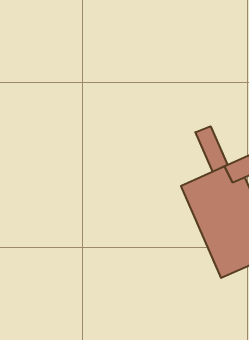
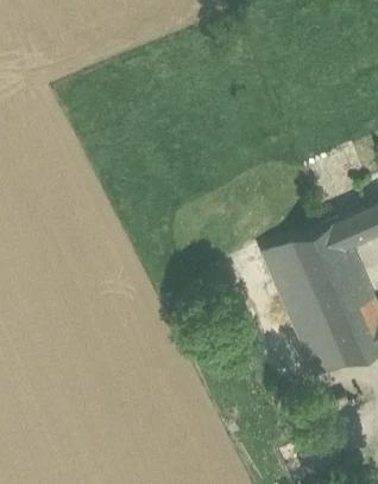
building: [195,126,228,172] -> none

